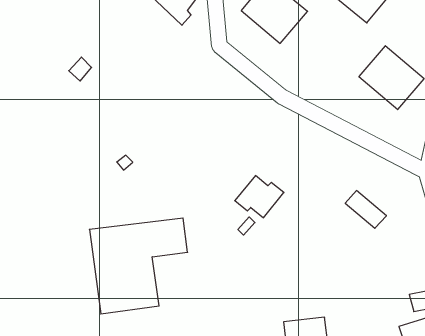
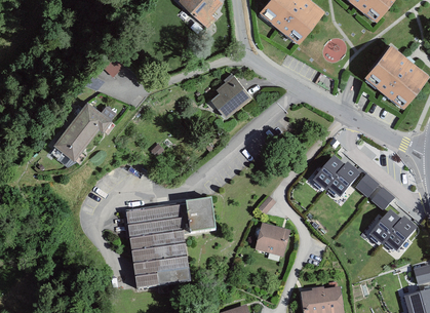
building: none -> [211,73,250,115]
building: none -> [53,100,110,156]
building: [235,176,284,218] -> [313,155,357,193]
building: none -> [369,209,414,247]
building: none -> [256,227,287,258]

